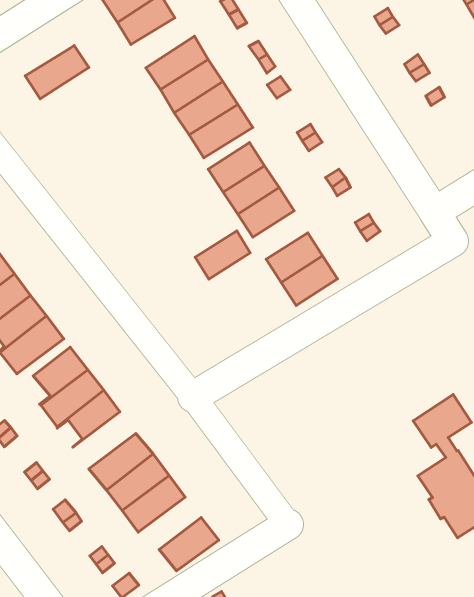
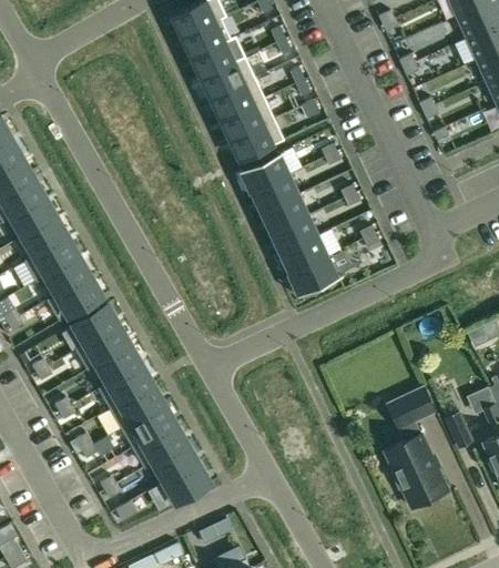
building: [25,46,89,99] -> [191,37,245,78]
building: [195,231,250,279] -> [272,214,318,252]
building: none -> [98,364,152,408]
building: none -> [143,443,197,484]

